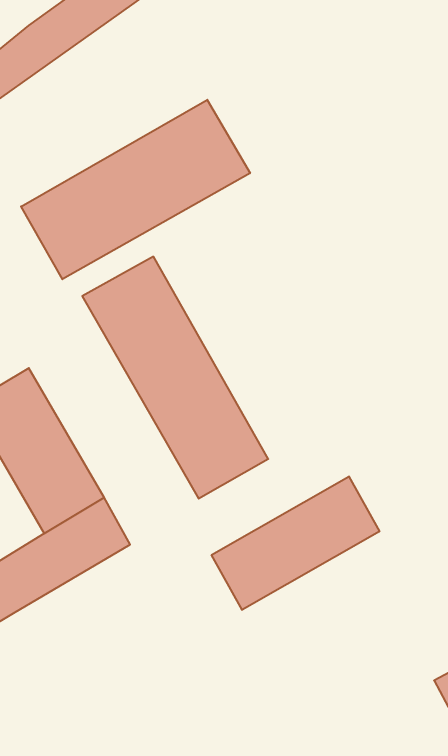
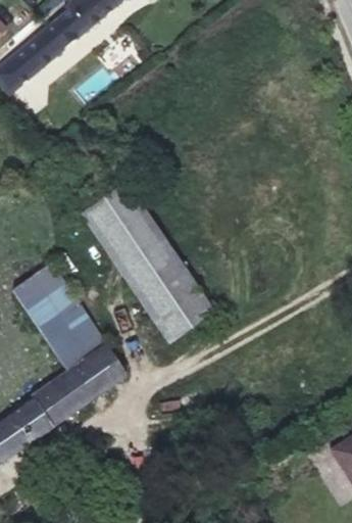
building: [21,100,250,279] -> none
building: [212,476,379,610] -> none

